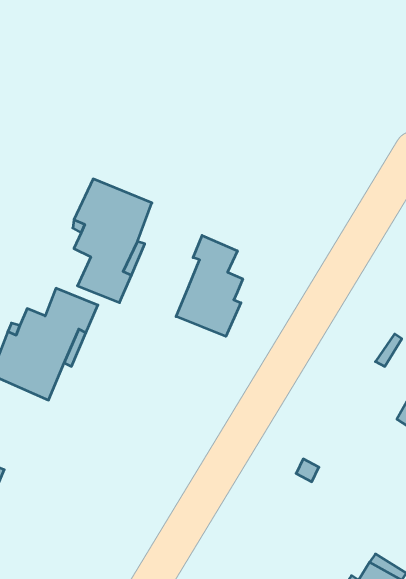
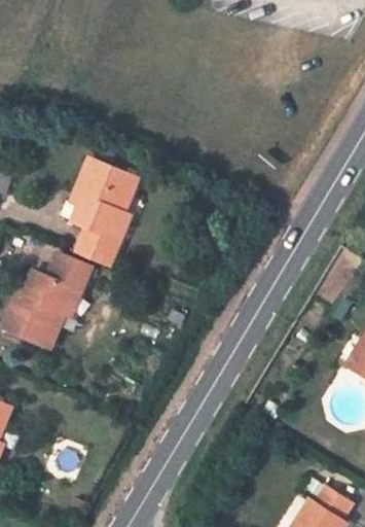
building: [176,235,243,336] -> none

